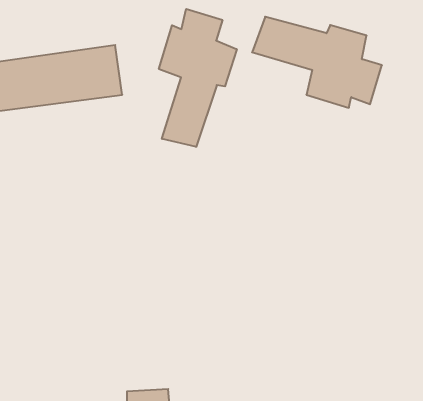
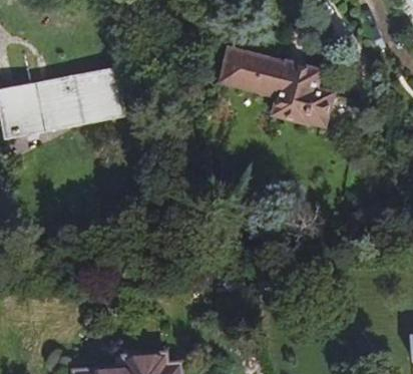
building: [159,9,237,147] -> none

